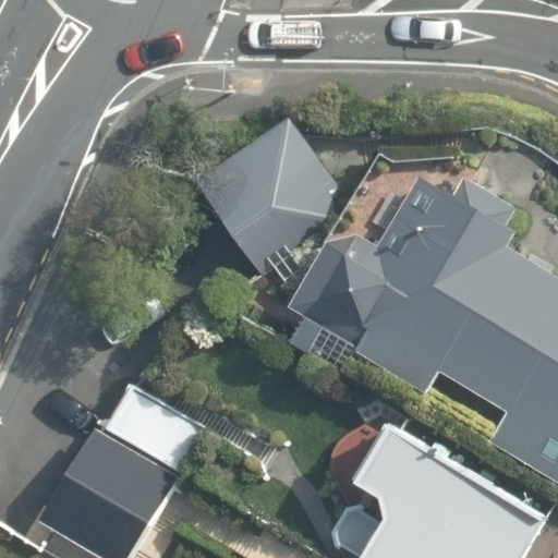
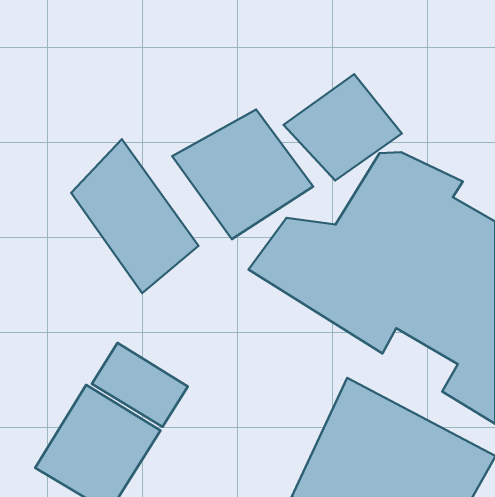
building: none -> [284,74,402,180]
building: none -> [71,139,199,293]

